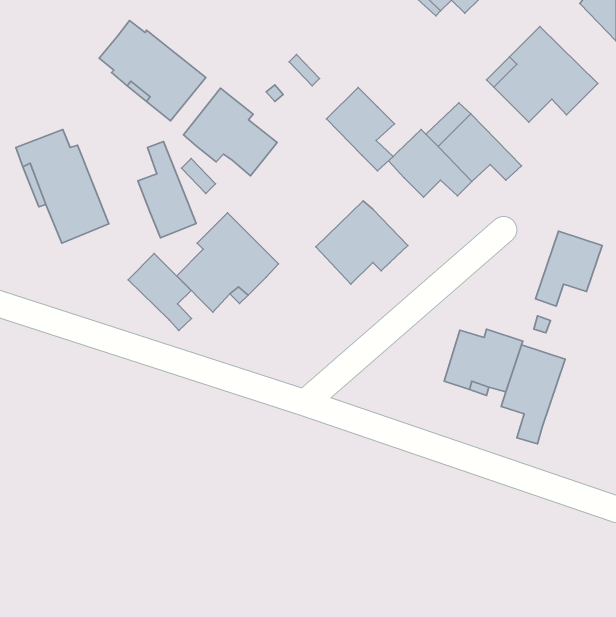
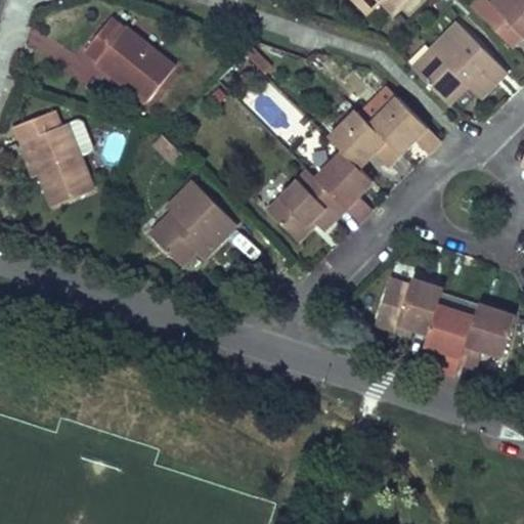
building: [327,87,394,171] -> [315,150,373,221]
building: [183,88,277,176] -> none
building: [138,142,196,238] -> none
building: [536,231,602,306] -> [458,304,515,367]
building: [128,254,191,330] -> none

